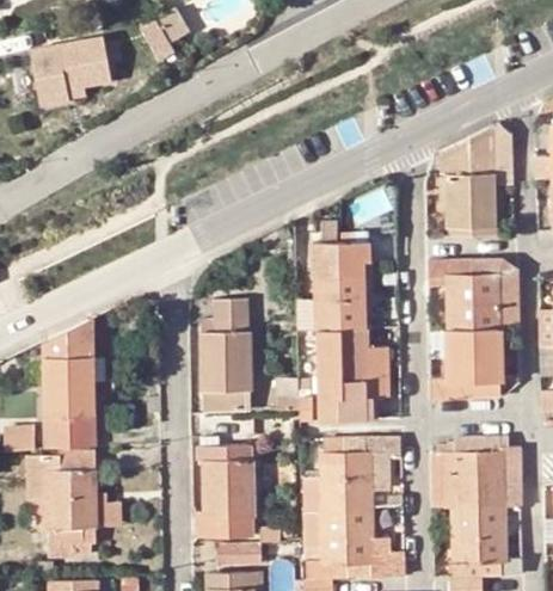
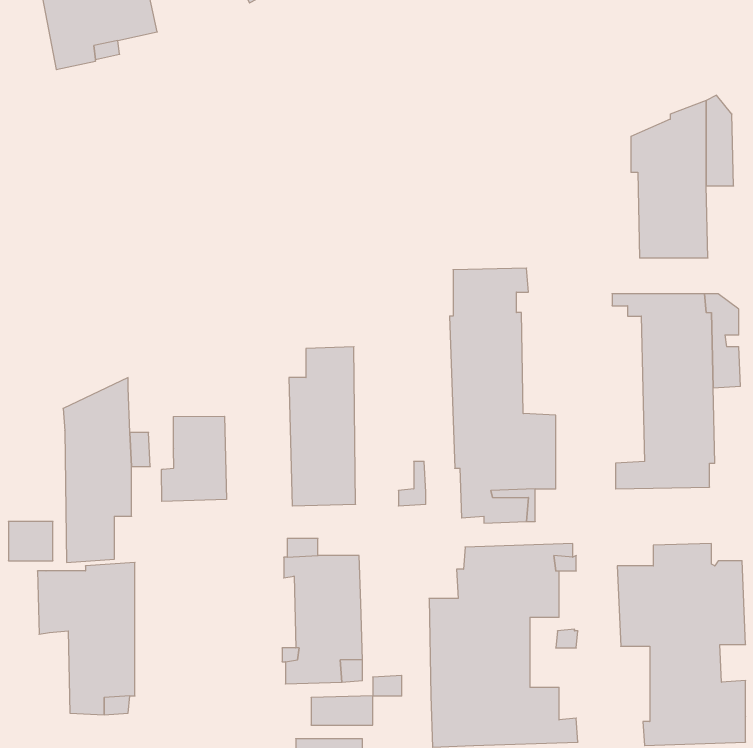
building: none -> [162,416,226,501]

